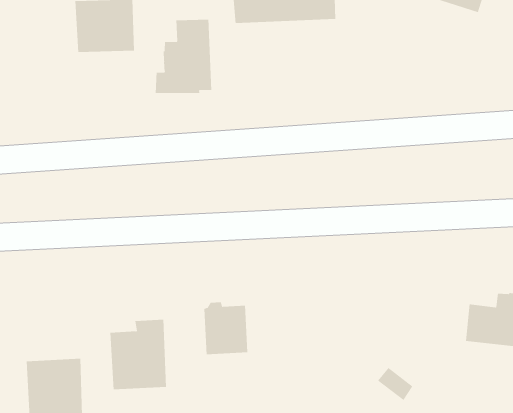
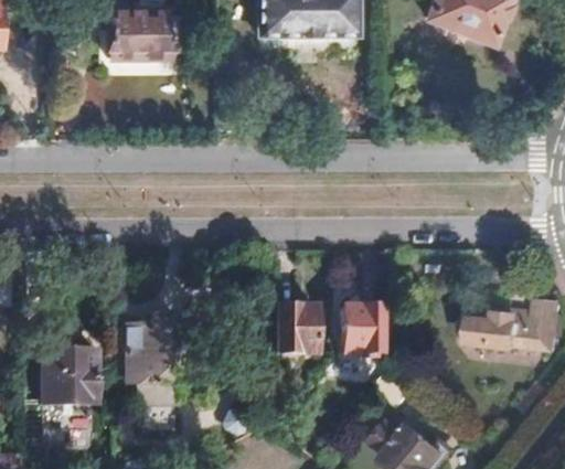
building: [155,19,212,94] -> none
building: none -> [344,302,383,358]
building: [203,302,248,355] -> [278,302,319,352]

